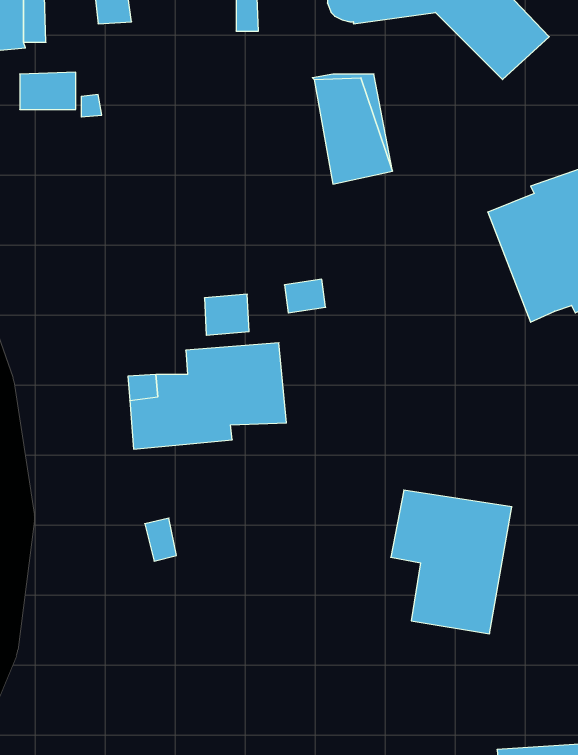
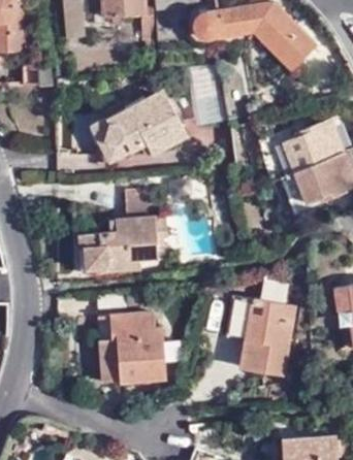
building: none -> [90,97,185,161]
building: none -> [97,311,164,383]

